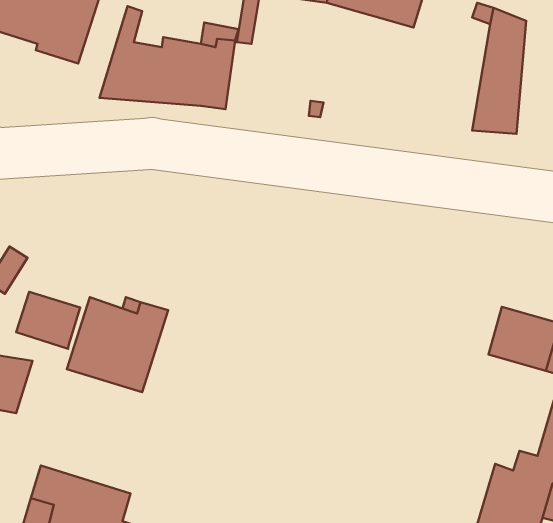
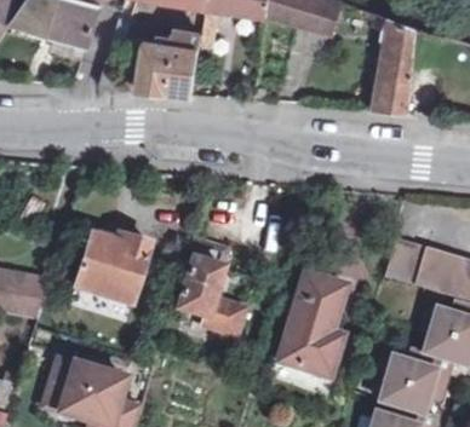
building: [16,292,80,349] -> none
building: none -> [178,237,243,334]
building: none -> [277,273,344,375]

